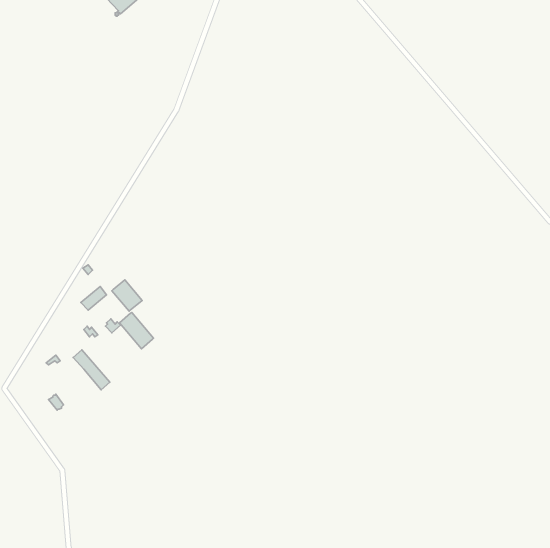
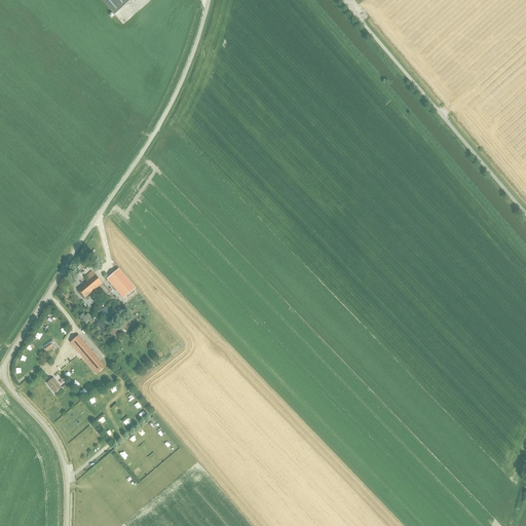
building: [120,312,154,349] -> none

